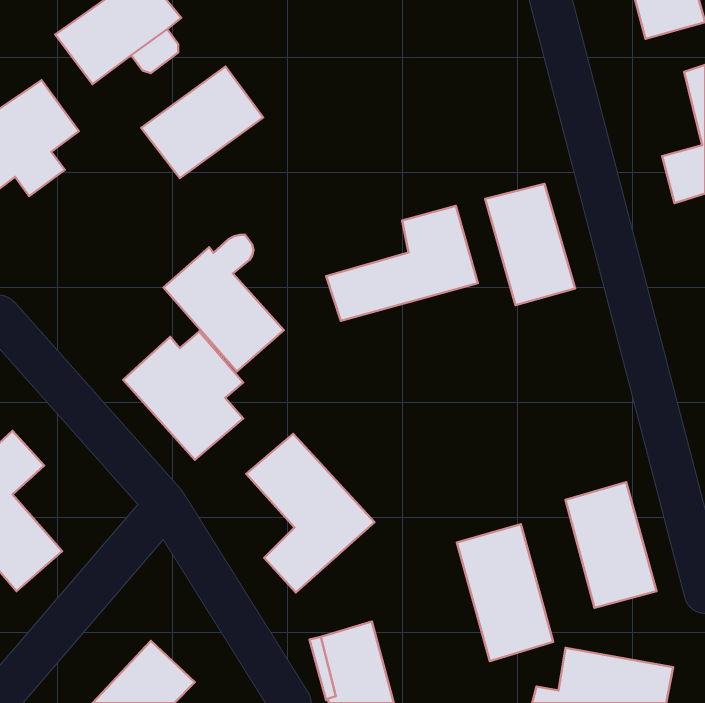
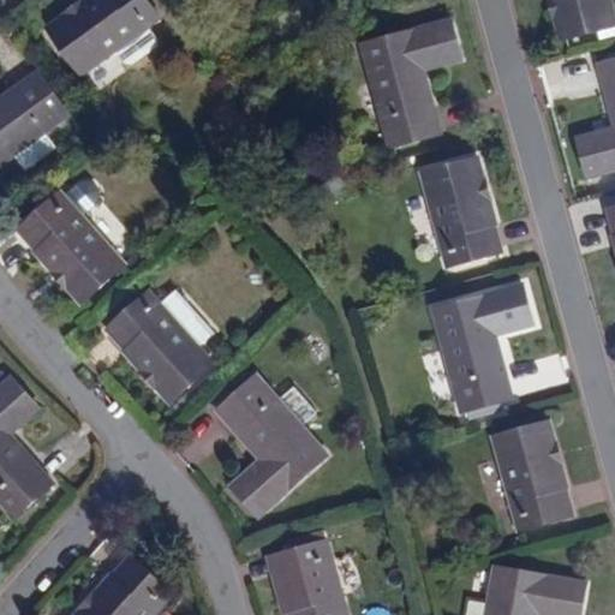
building: none -> [358,20,459,144]
building: [141,66,263,178] -> none
building: [326,206,478,321] -> none
building: [164,235,284,372] -> [18,183,123,301]
building: none -> [430,286,532,417]
building: [457,524,553,661] -> none

